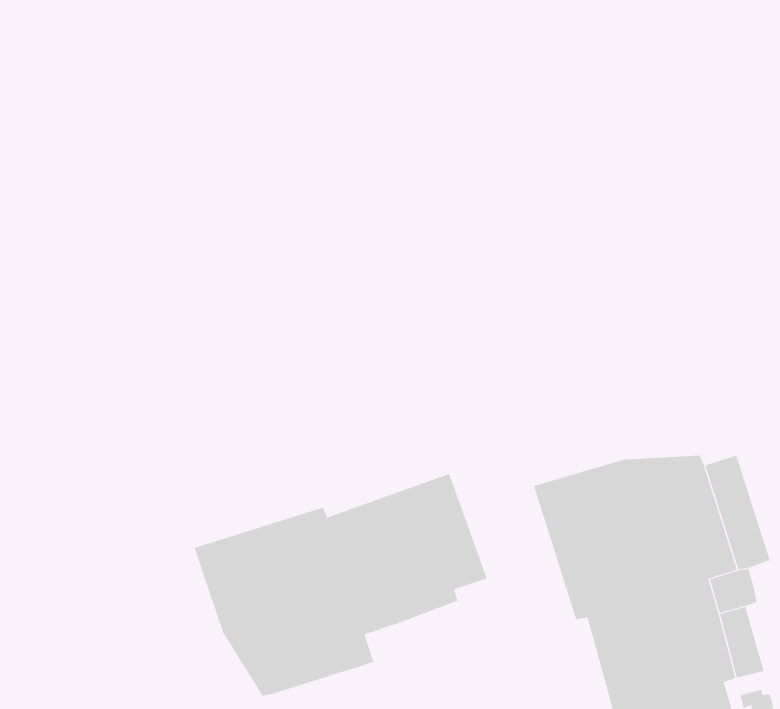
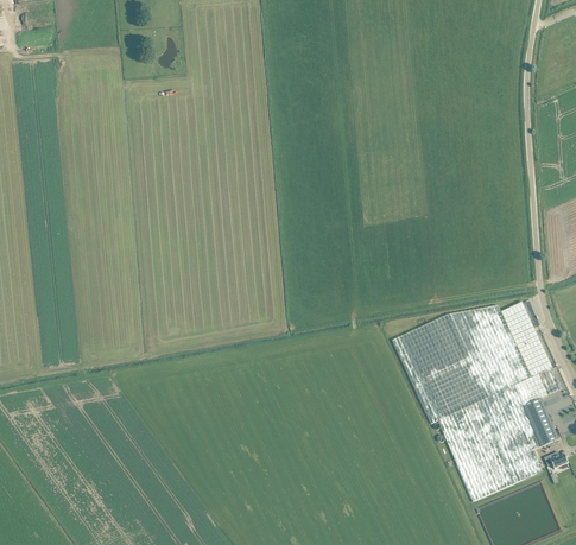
building: [194,473,488,697] -> none

